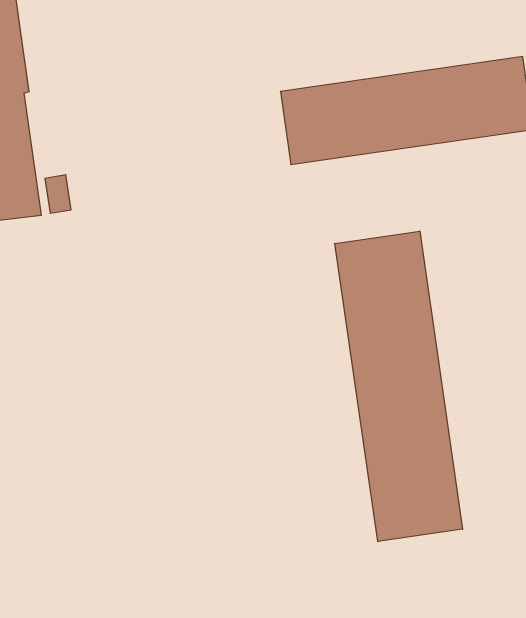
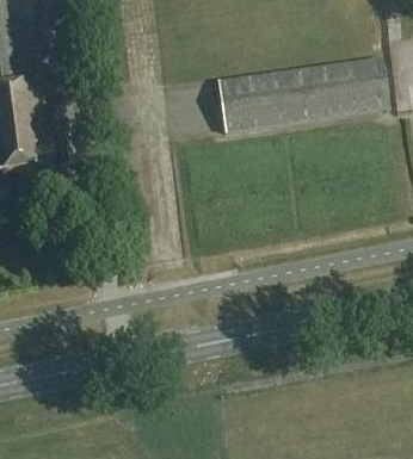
building: [335,231,463,542] -> none

